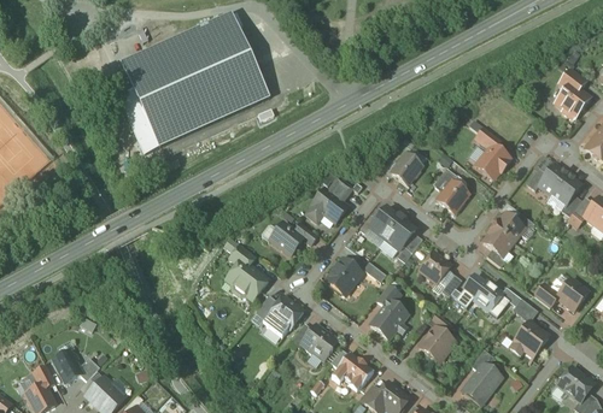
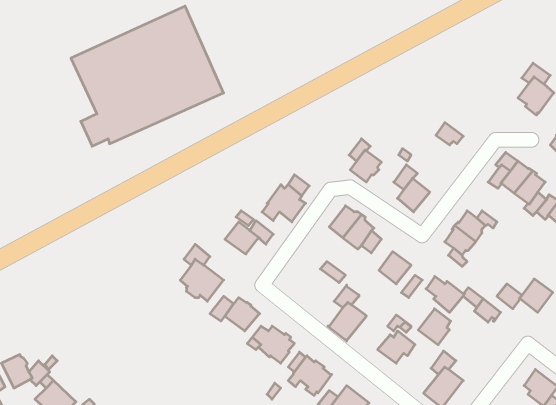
building: [476,144,508,178] -> none
building: [324,258,361,295] -> none
building: [513,321,544,356] -> [418,309,451,345]

